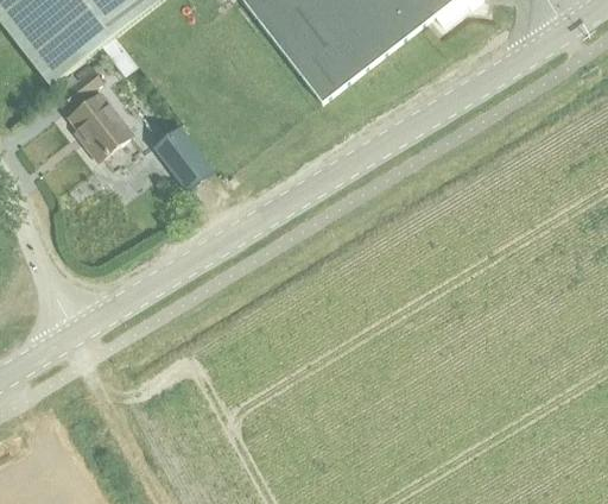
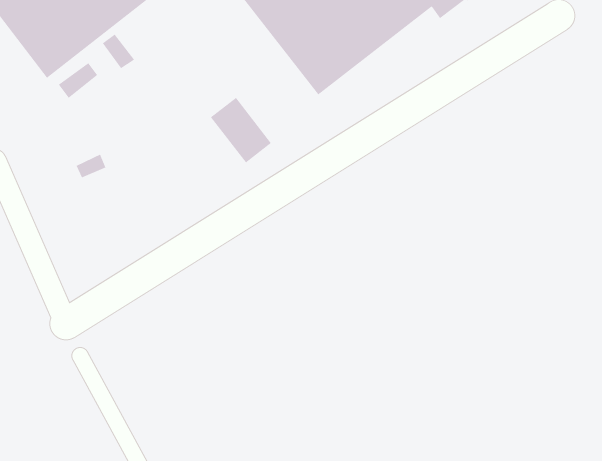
building: [69,90,132,158] -> none
building: [152,122,214,189] -> [210,97,272,164]

